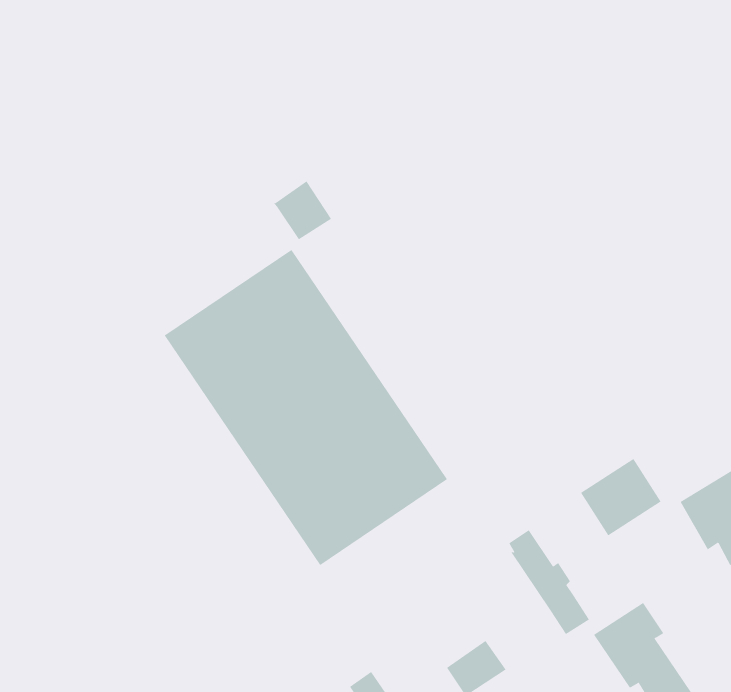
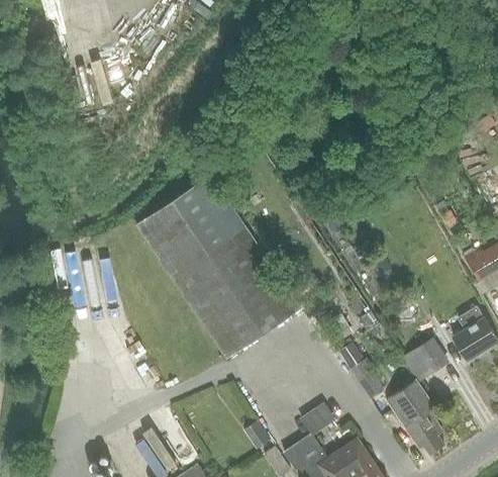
building: [273,180,332,240] -> none
building: [580,458,662,536] -> [401,338,449,383]

